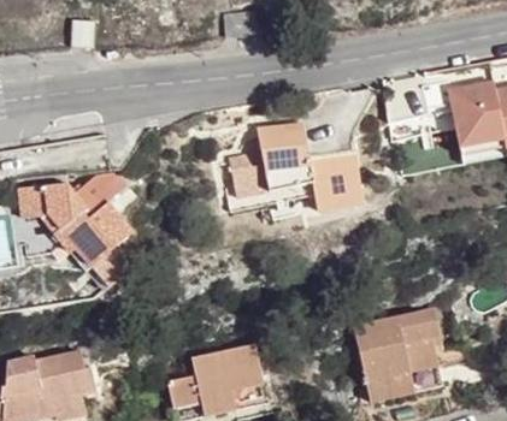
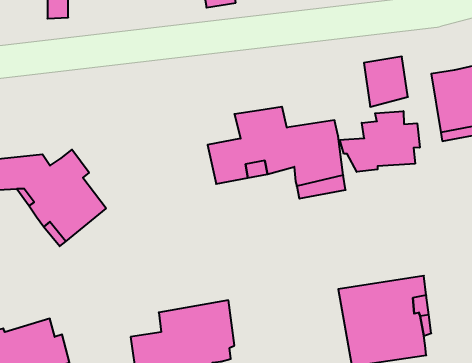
building: none -> [340,111,420,172]

